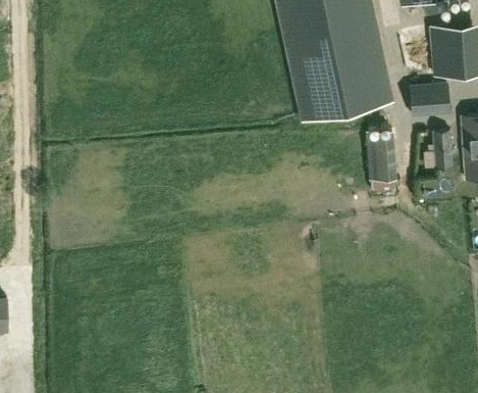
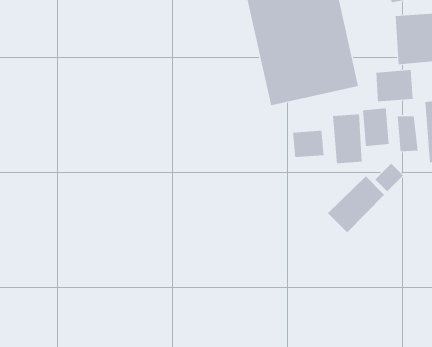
building: none -> [362,107,389,147]
building: none -> [293,130,324,158]
building: none -> [327,175,385,233]

